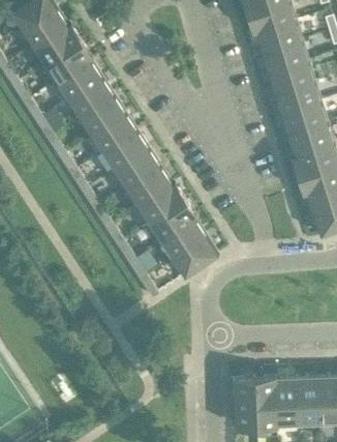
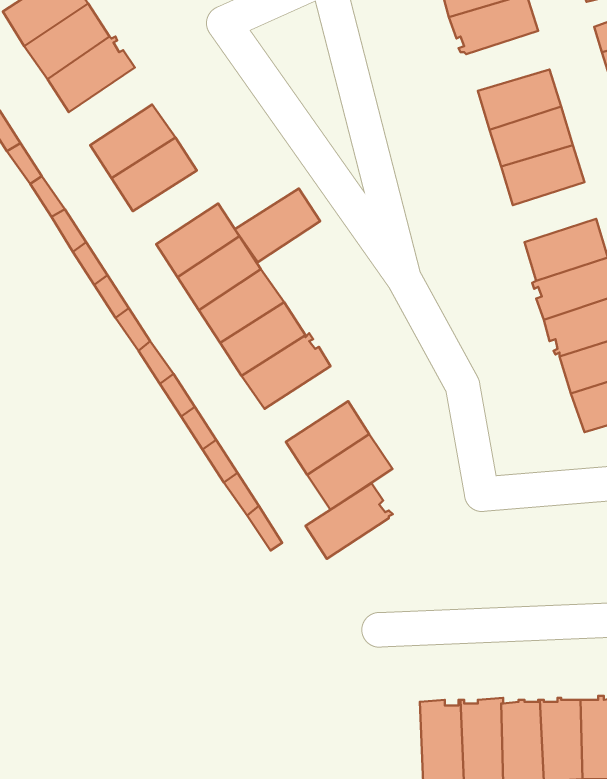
building: [257,23,302,55] -> none
building: [45,42,92,84] -> none
building: [80,97,125,137] -> [235,188,320,262]
building: [282,104,327,136] -> none
building: [150,202,196,242] -> [306,483,393,559]

